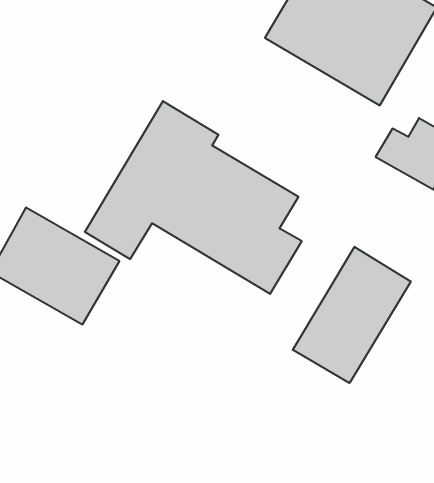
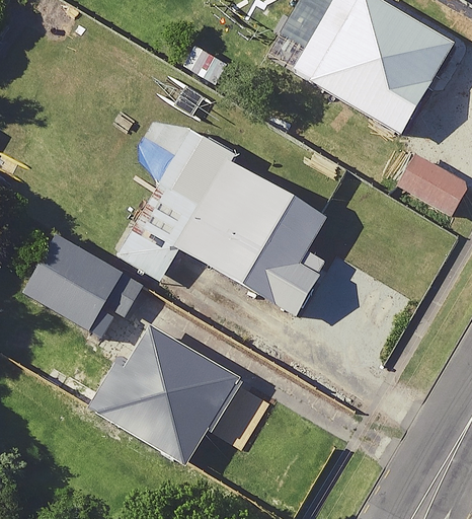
building: [293,247,411,383] -> none
building: none -> [99,328,234,463]

